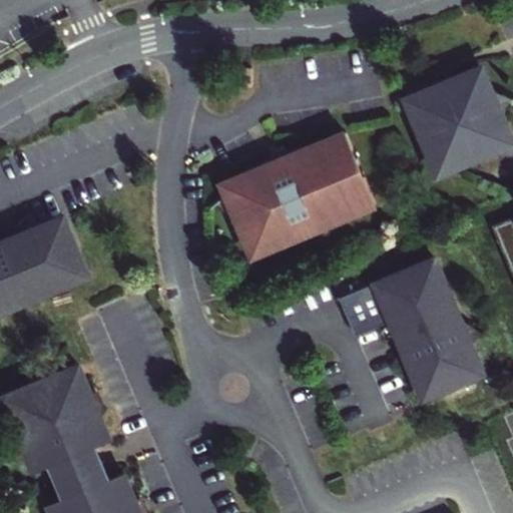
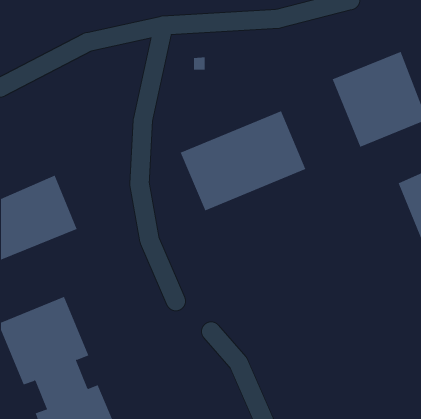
building: [336,255,479,397] -> none

